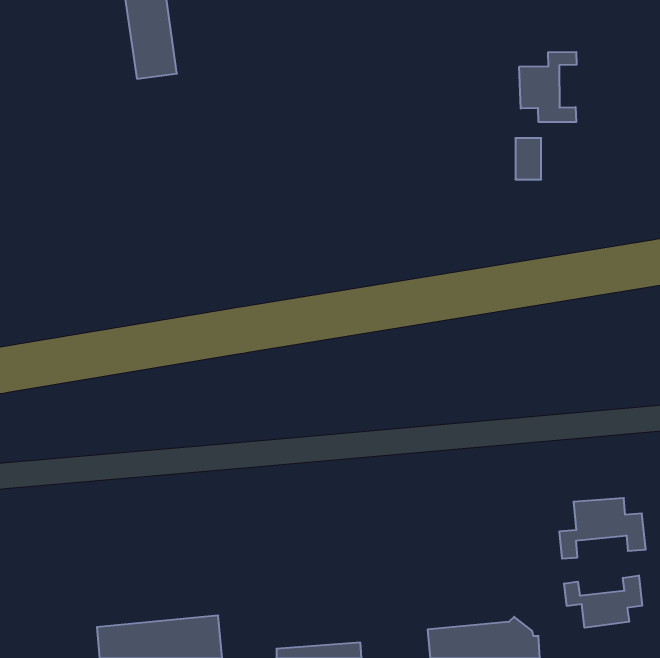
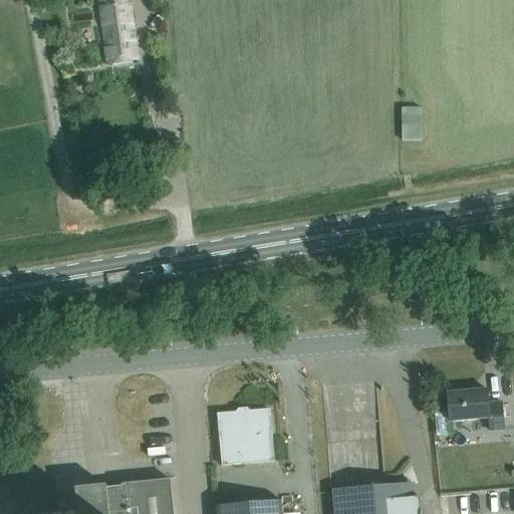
building: [519,52,577,122] -> none
building: none -> [216,409,273,465]
building: [564,575,642,628] -> none

